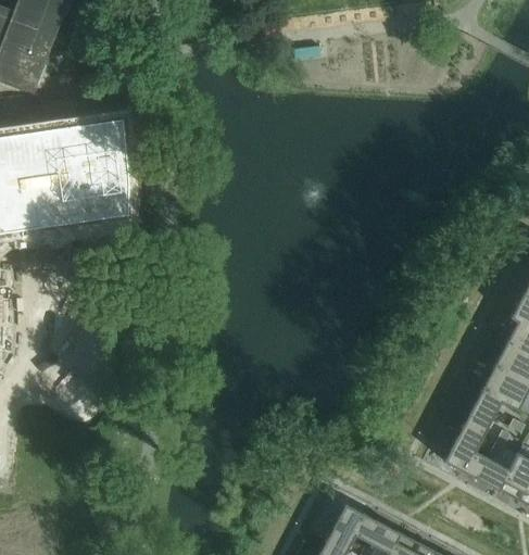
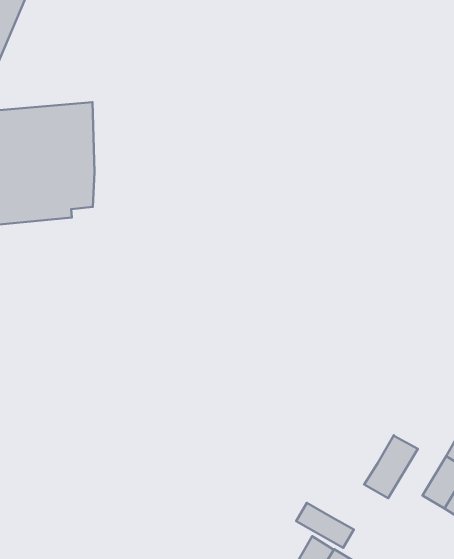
building: none -> [364,435,418,498]
building: none -> [296,503,354,548]

